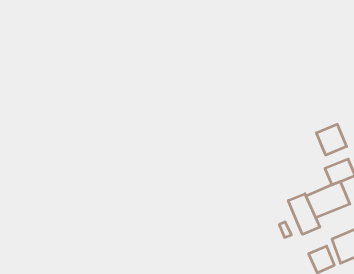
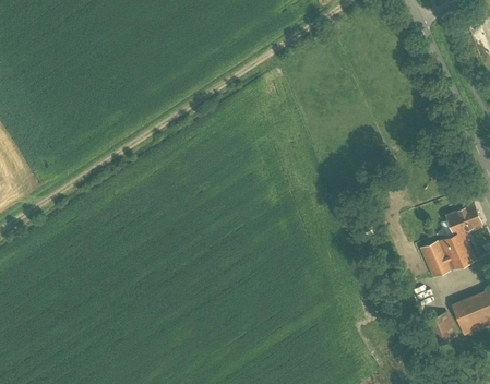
building: [316,124,347,155] -> none
building: [288,194,320,234] -> none

